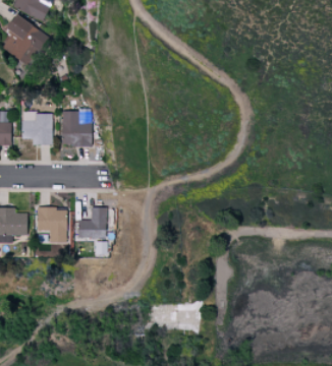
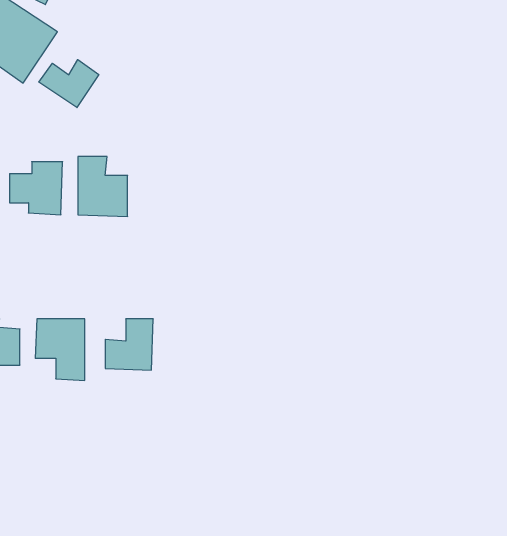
building: none -> [39,60,99,108]

